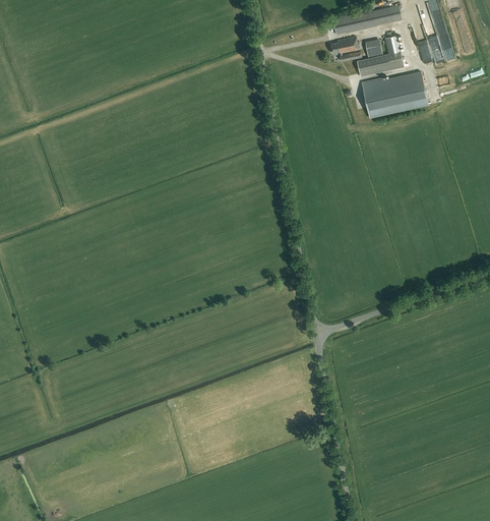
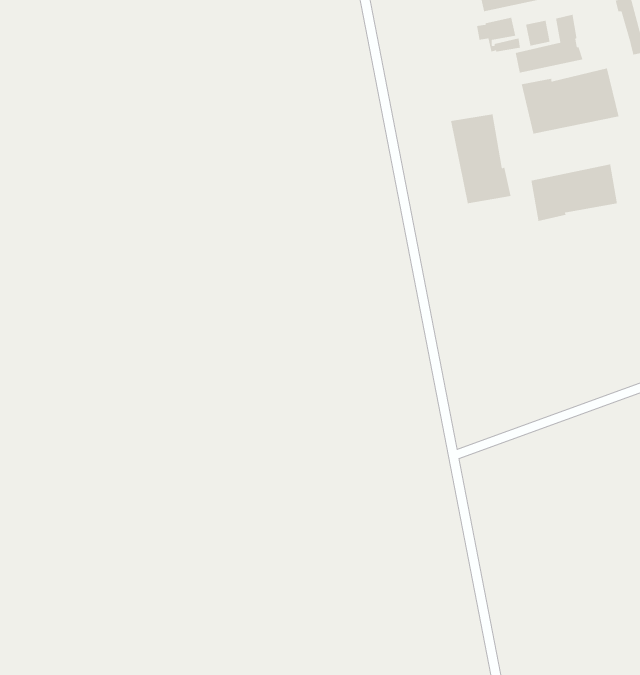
building: none -> [450,113,512,204]
building: none -> [531,164,618,222]

